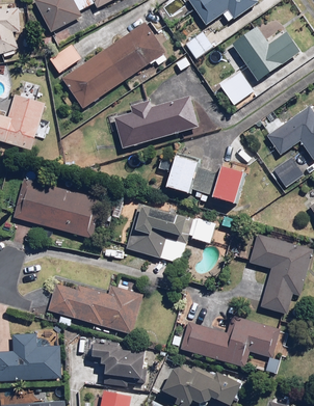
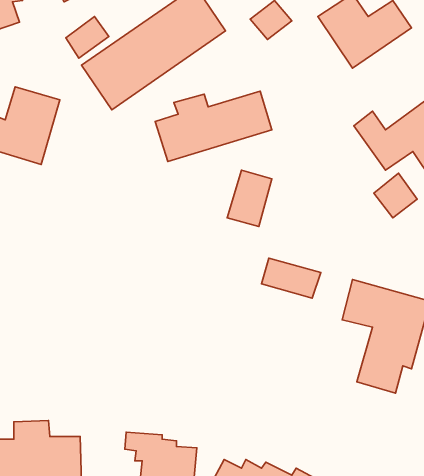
building: [219,72,253,105] -> none
building: [210,164,245,206] -> none
building: [16,179,99,238] -> none
building: [124,202,188,264] -> none
building: [48,283,145,334] -> none
building: [171,317,280,367] -> none

